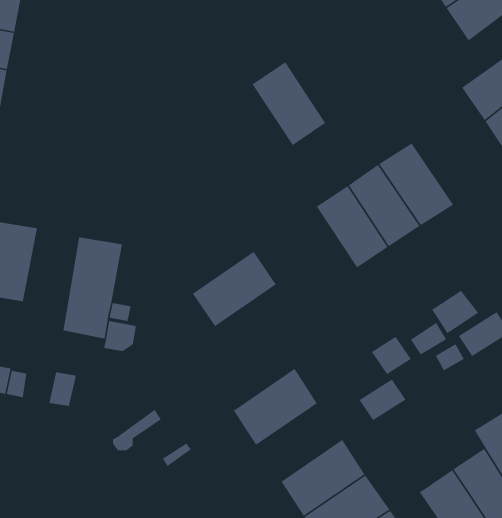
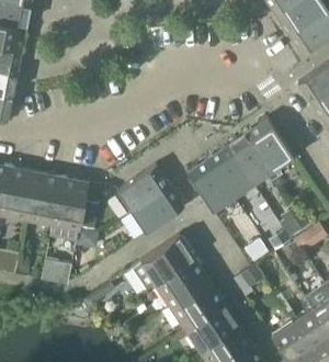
building: [252,61,326,146] -> [188,159,234,212]
building: none -> [117,166,170,213]
building: none -> [27,172,61,223]
building: none -> [133,236,195,292]
building: none -> [171,281,225,329]

